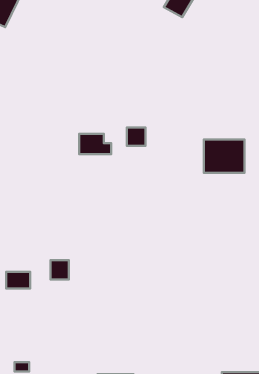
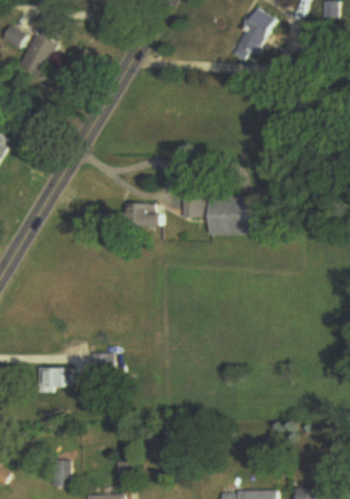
building: [204,140,245,173] -> [211,196,259,235]

